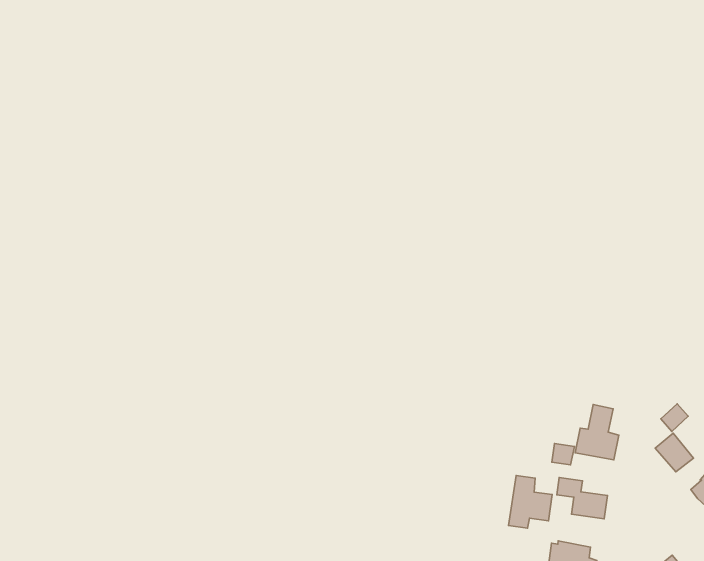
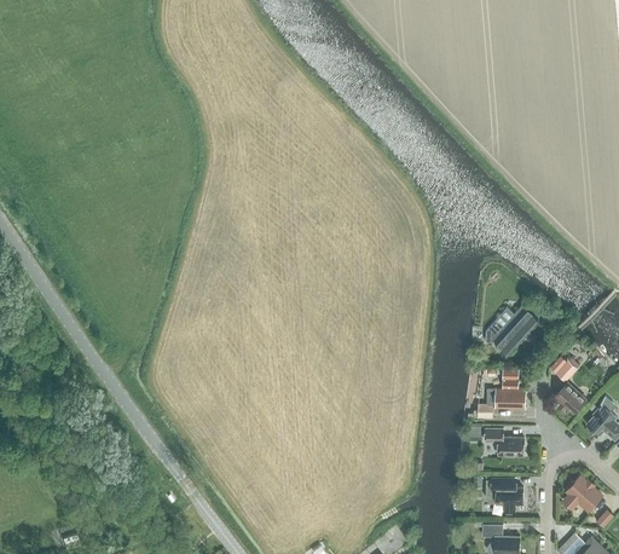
building: none -> [485,305,538,353]
building: [508,475,552,528] -> none

